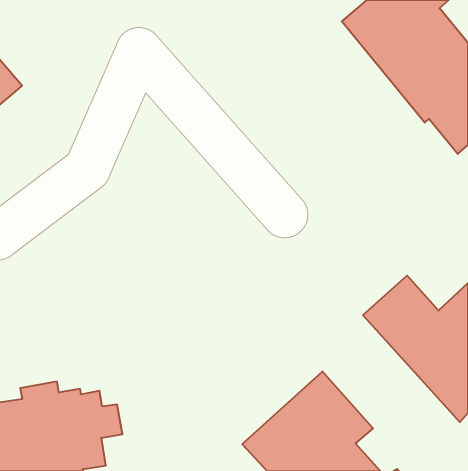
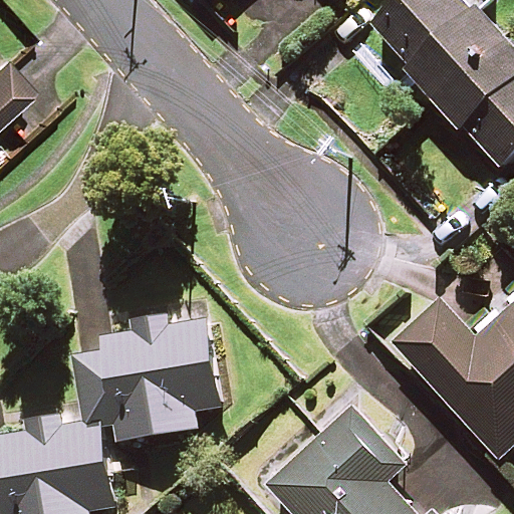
building: none -> [76,315,222,451]

